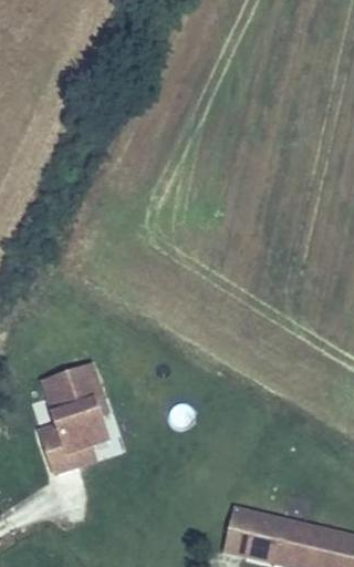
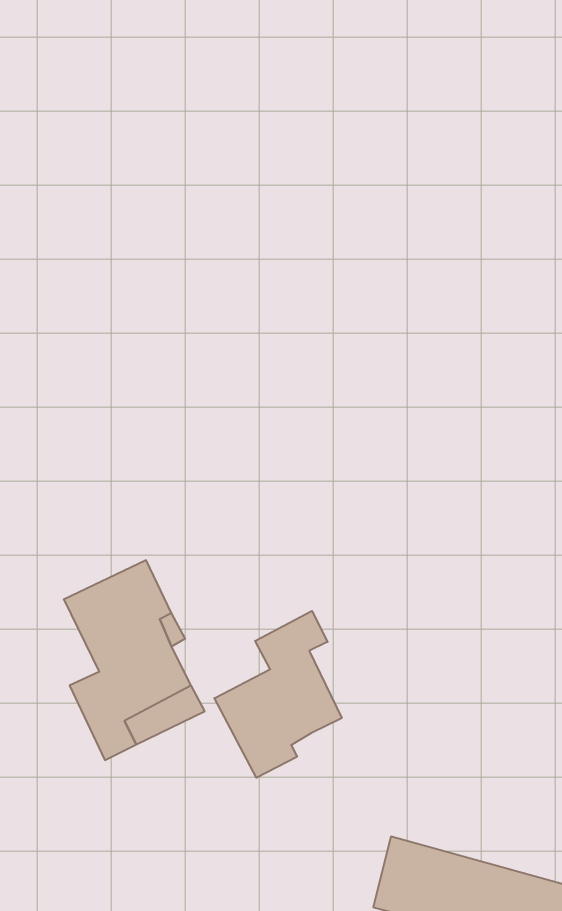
building: none -> [214,611,342,778]

